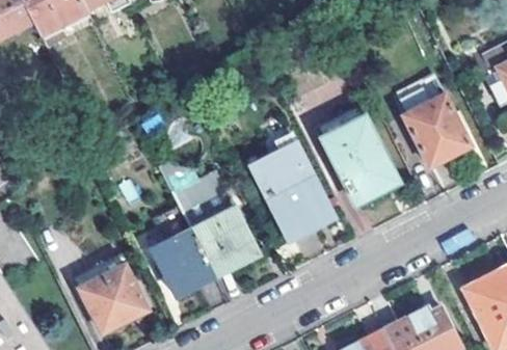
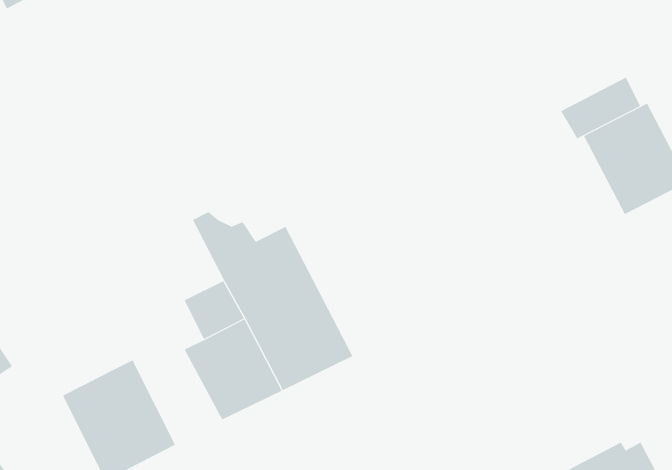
building: [323,118,397,204] -> none
building: [257,147,331,237] -> none

